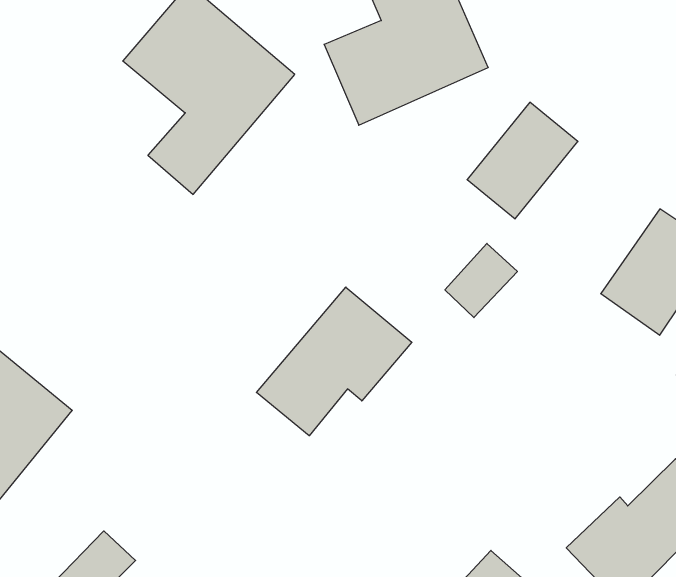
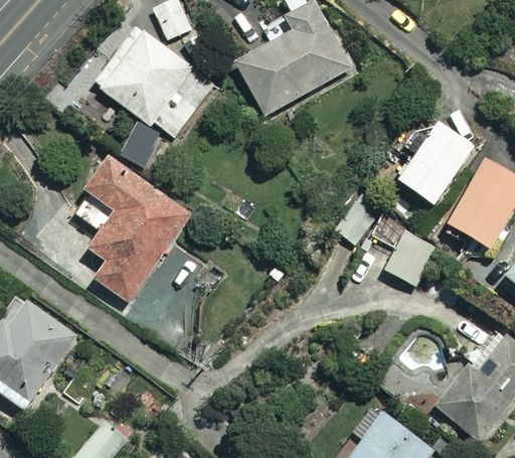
building: [467,102,578,219] -> [396,121,473,204]
building: none -> [76,155,191,302]
building: none -> [376,214,441,287]
building: [256,287,412,436] -> none

